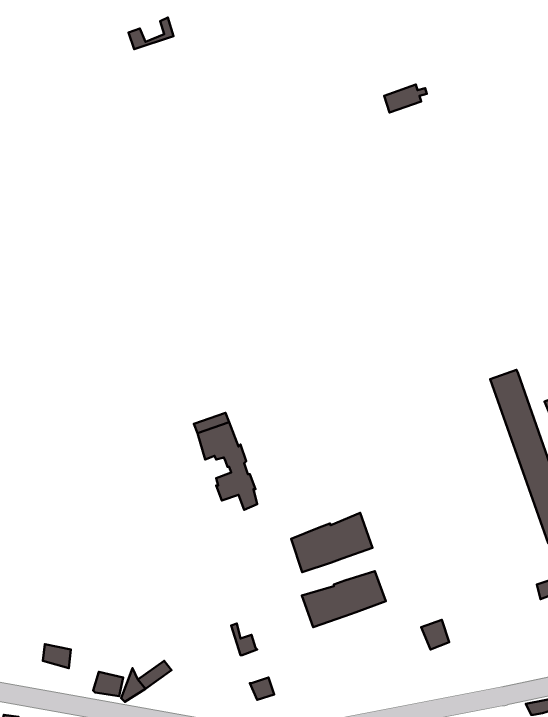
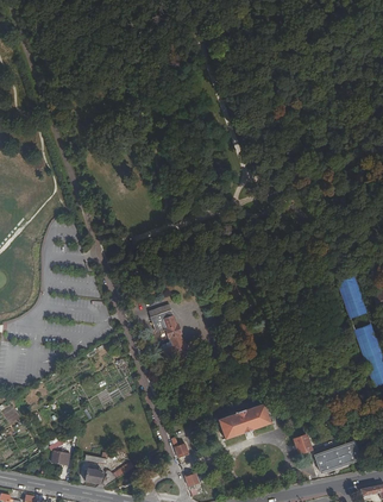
building: [291,513,373,572] -> none
building: none -> [314,440,362,472]

